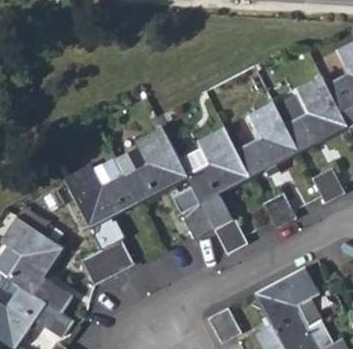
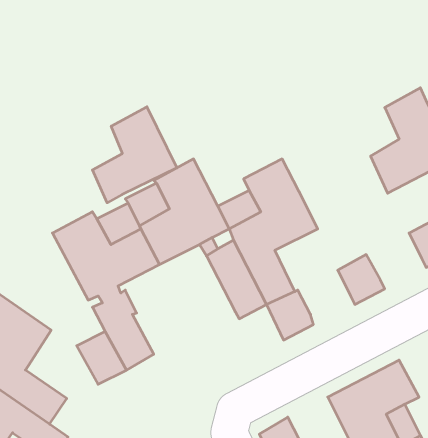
building: none -> [92,107,177,203]
building: [236,103,298,176] -> none

